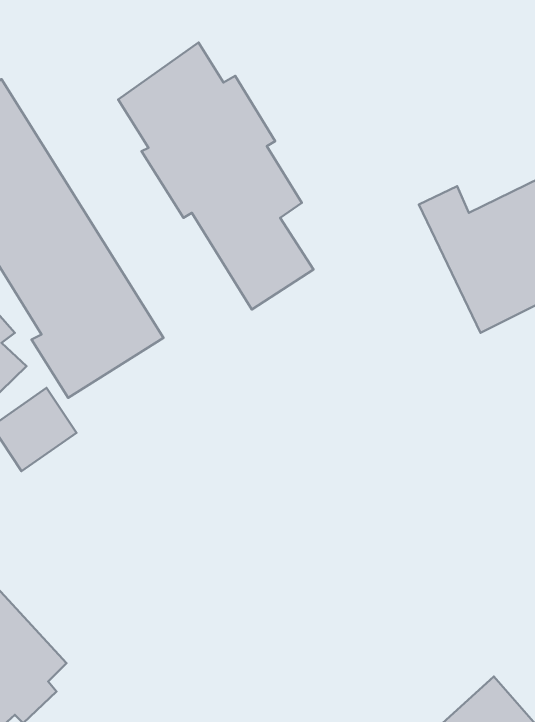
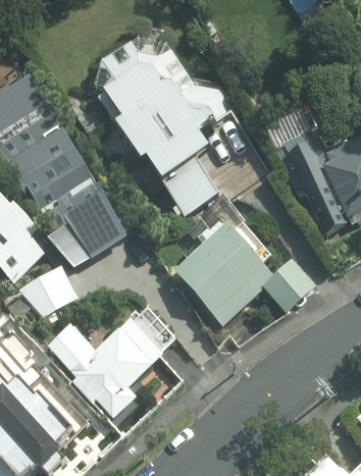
building: none -> [175,212,316,321]
building: none -> [47,313,169,420]

